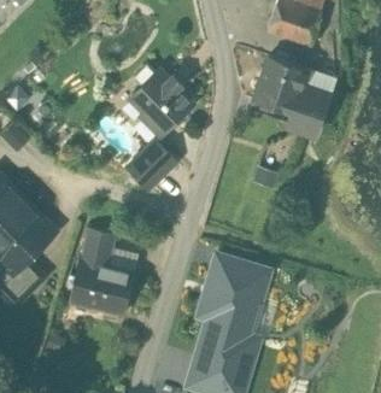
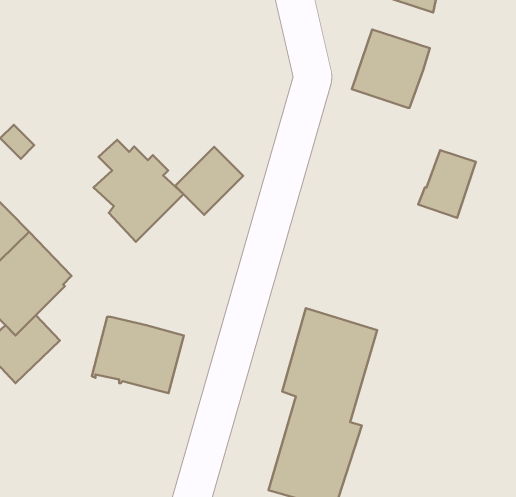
building: [130,65,194,137] -> [94,140,184,242]
building: [288,87,329,135] -> [418,150,476,218]
building: [82,230,115,268] -> none

